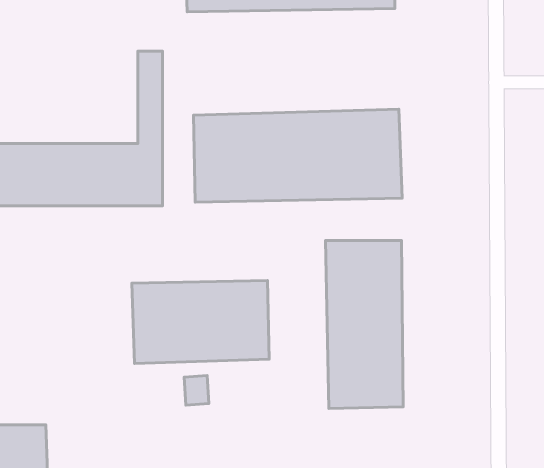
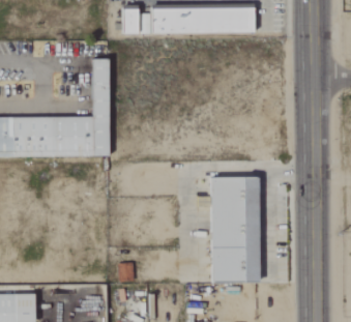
building: [194,109,402,202] -> none
building: [132,280,269,364] -> none

